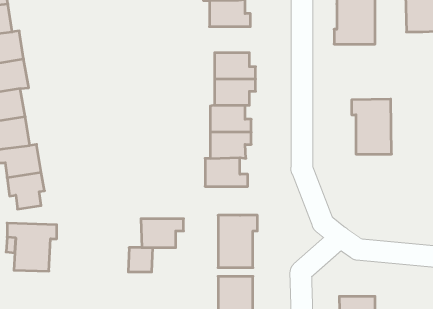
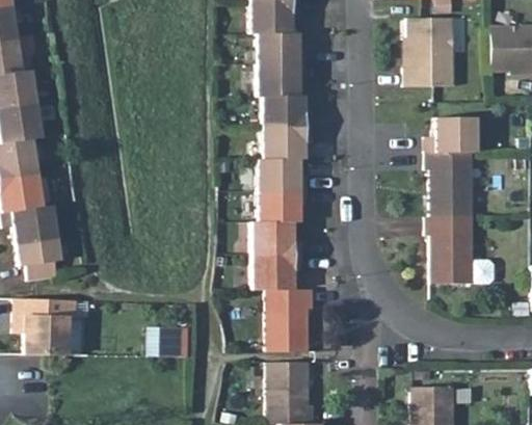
building: none -> [257,64,305,96]
building: none -> [426,116,476,152]
building: none -> [427,216,494,284]
building: [141,219,184,248] -> [251,255,302,289]

